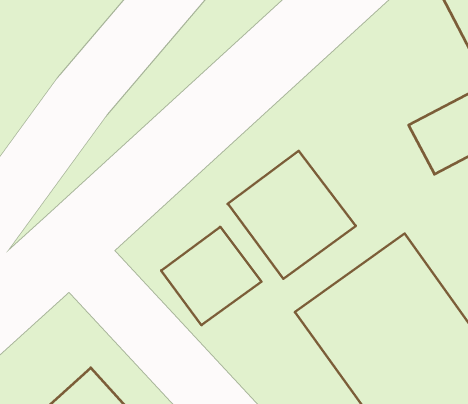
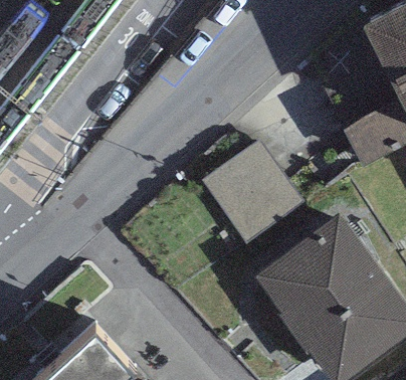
building: [161,227,261,325] -> none

